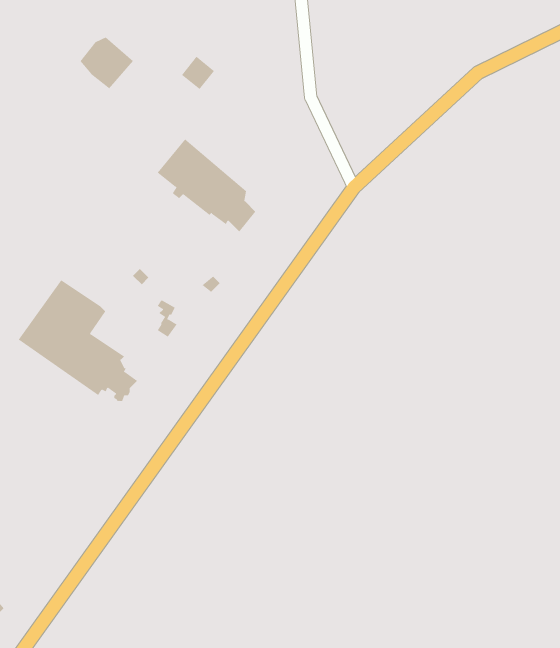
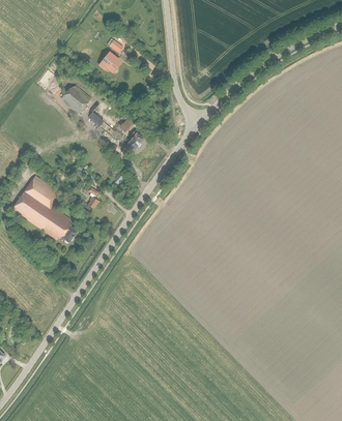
building: [79,37,134,89] -> [60,85,90,114]

